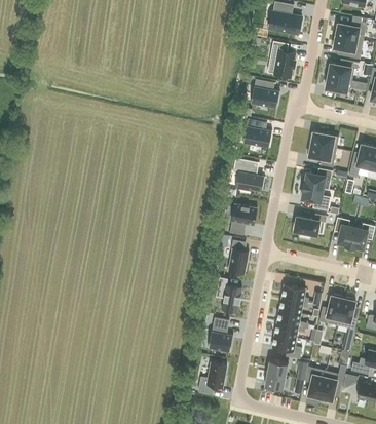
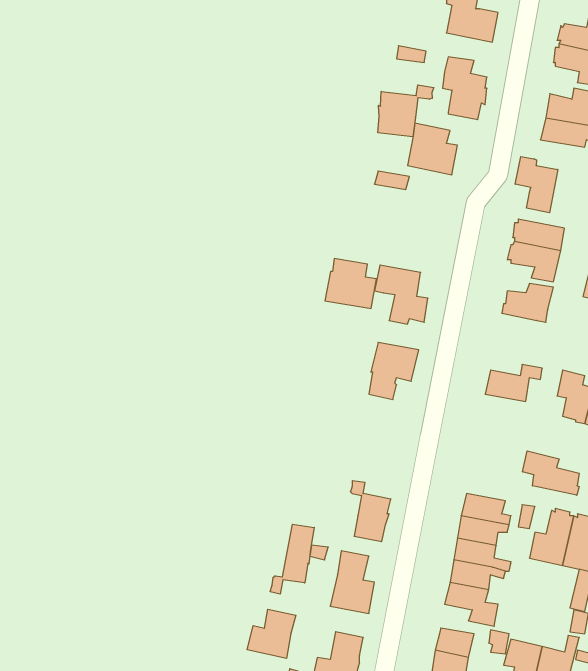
building: none -> [378,85,434,137]
building: none -> [515,157,558,213]
building: [242,119,271,147] -> [325,259,377,308]
building: [301,185,330,210] -> none
building: [228,240,248,274] -> none
building: none -> [523,451,579,495]
building: none -> [270,524,314,594]
building: none -> [247,609,296,658]

